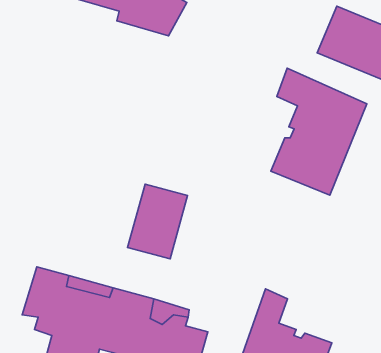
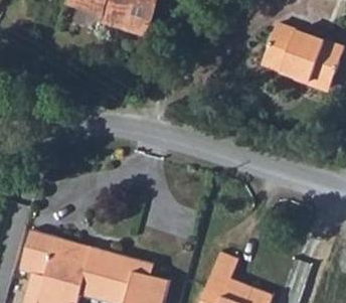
building: [271,68,367,195] -> none
building: [128,184,188,259] -> none

